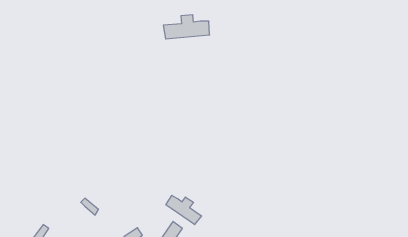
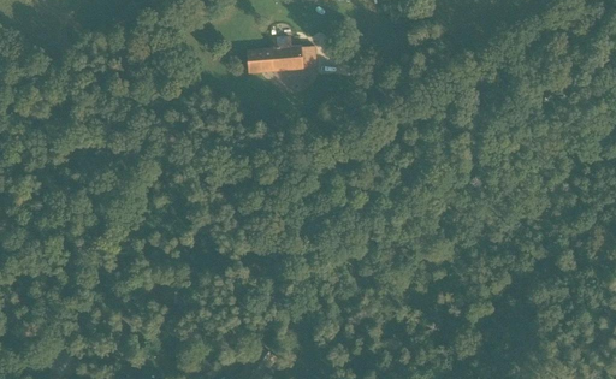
building: [166,195,202,225] -> none

